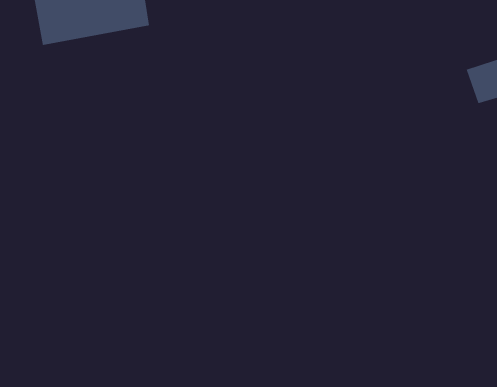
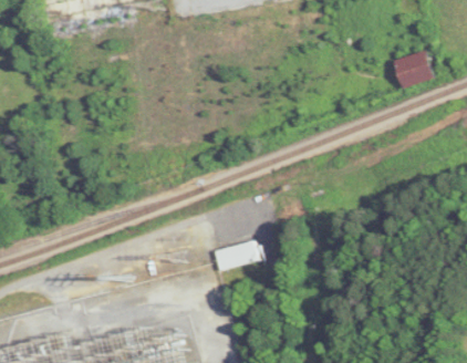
building: none -> [214,240,259,270]

